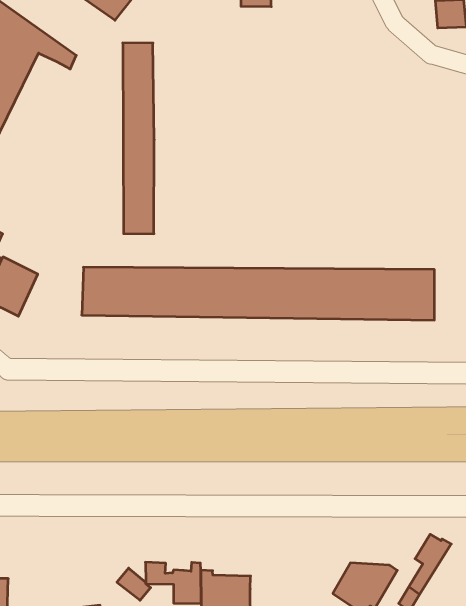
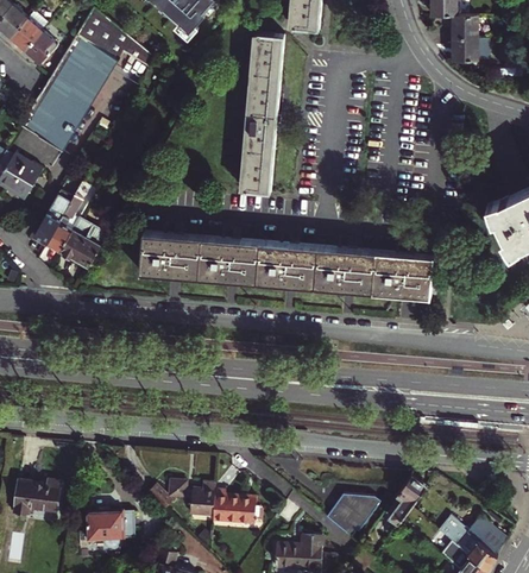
building: [123,43,154,234] -> [245,34,283,194]

